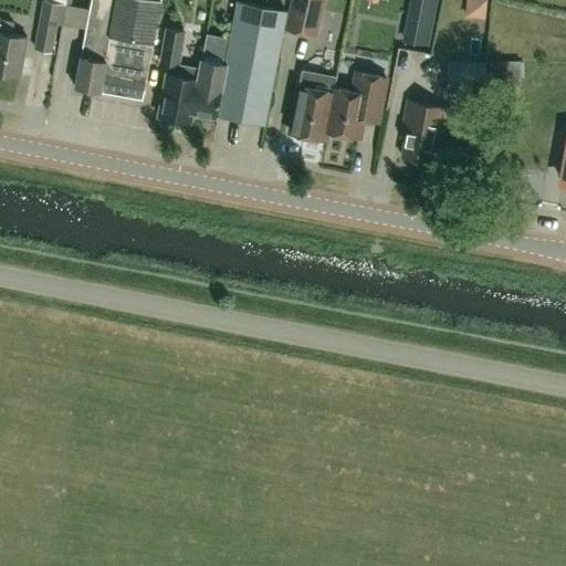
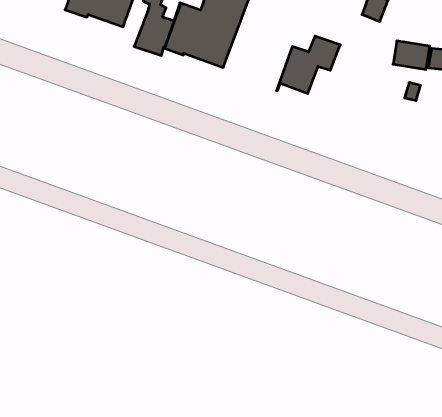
building: [291,72,337,140] -> none
building: [402,101,452,165] -> none

